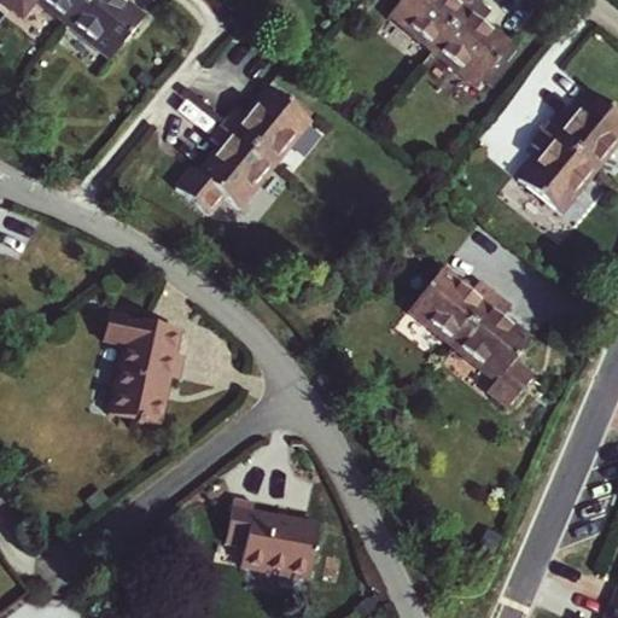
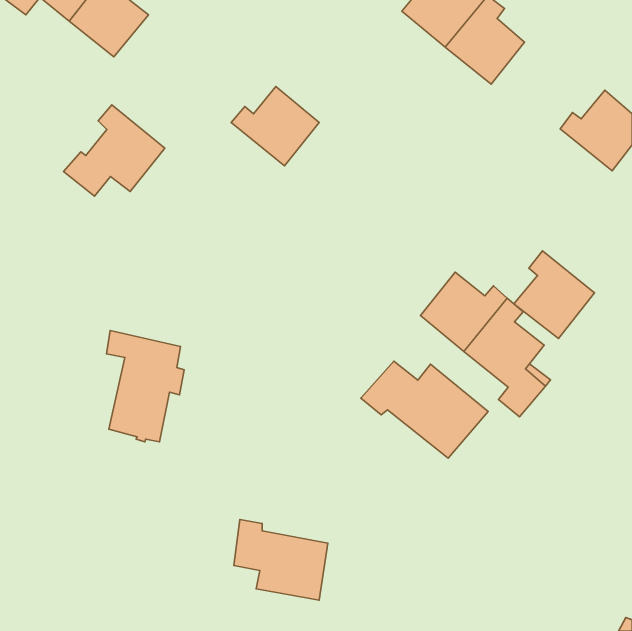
building: [179,119,278,209] -> [63,105,165,196]
building: [519,126,597,211] -> [514,251,594,339]
building: none -> [361,361,488,458]

